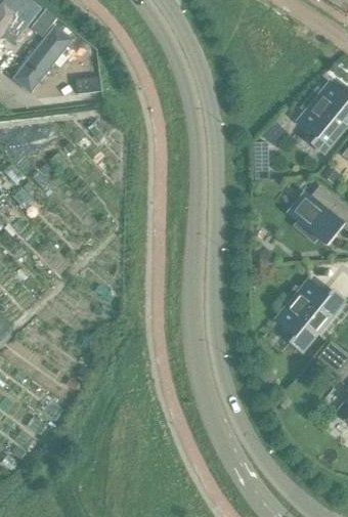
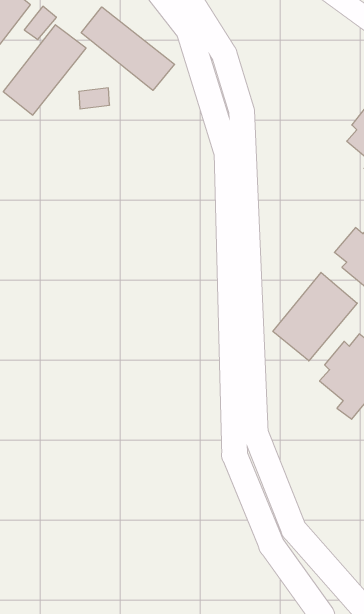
building: none -> [81,7,175,90]
building: none -> [273,272,357,361]

